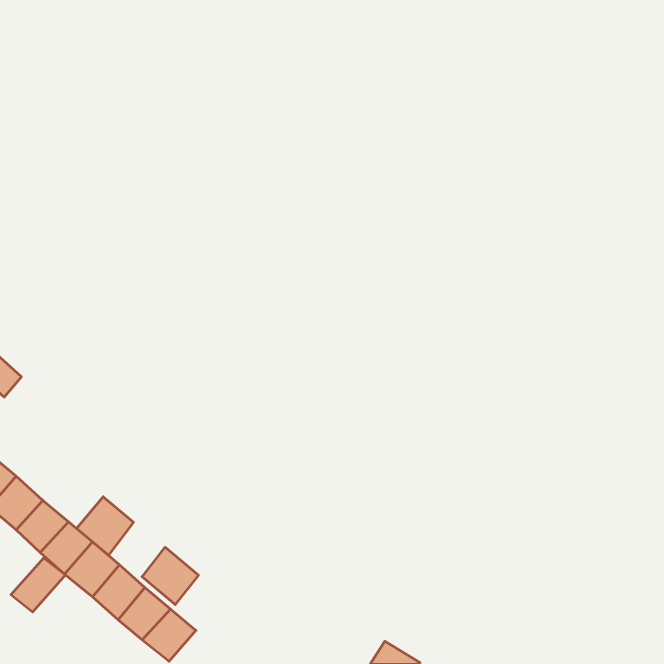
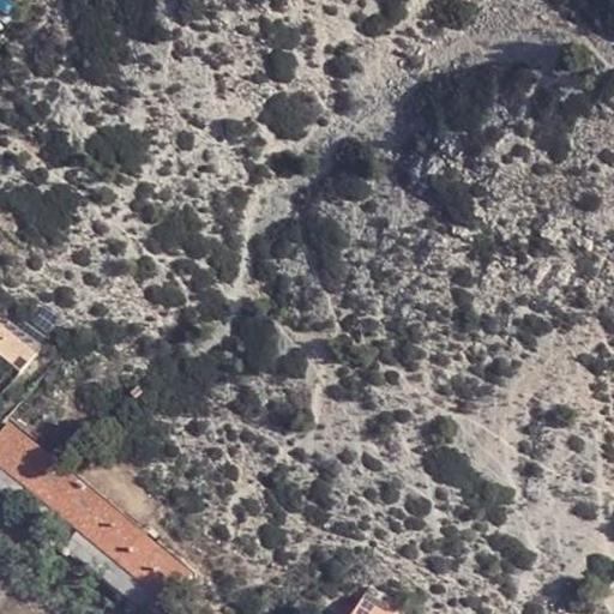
building: [76,497,133,555] -> none
building: [142,547,198,605] -> none
building: [11,558,65,612] -> none

